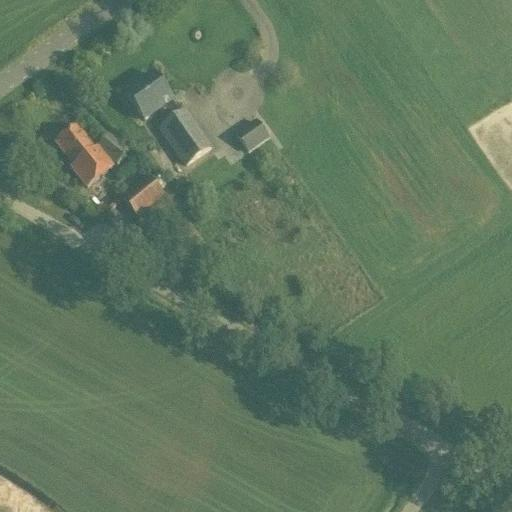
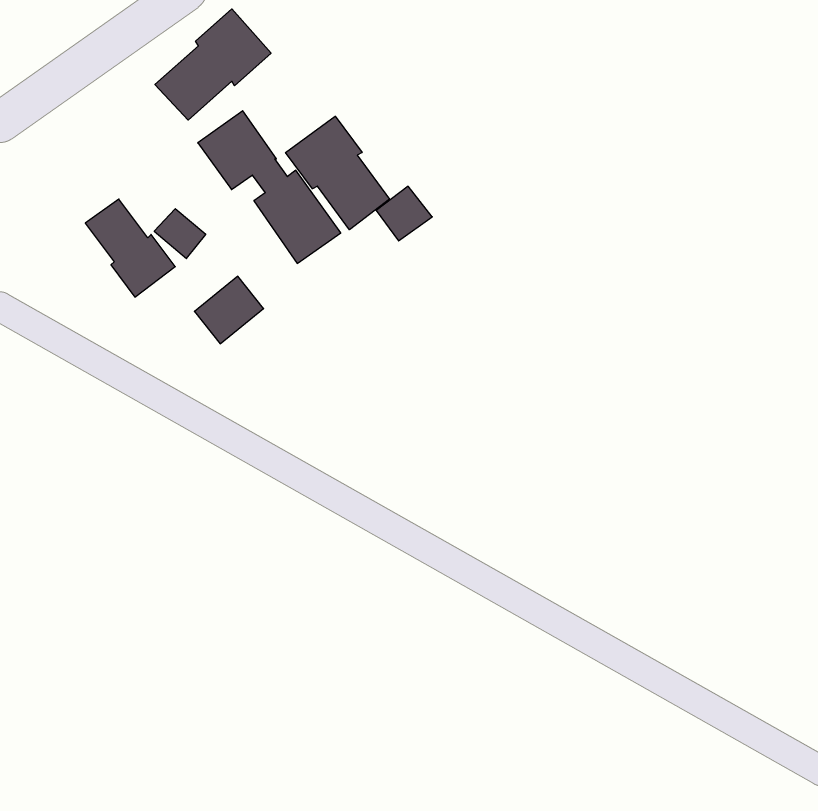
building: none -> [155,9,271,120]
building: none -> [286,116,390,230]

